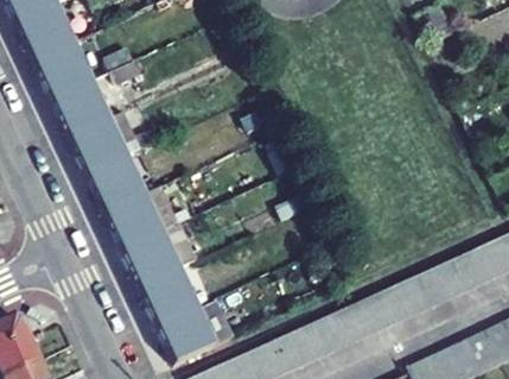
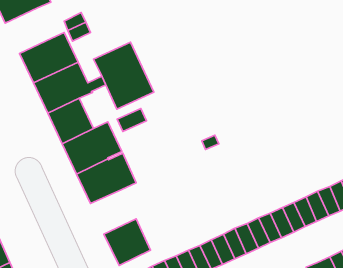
building: [36,39,94,96] -> none
building: none -> [93,42,154,109]
building: [142,266,211,322] -> none

